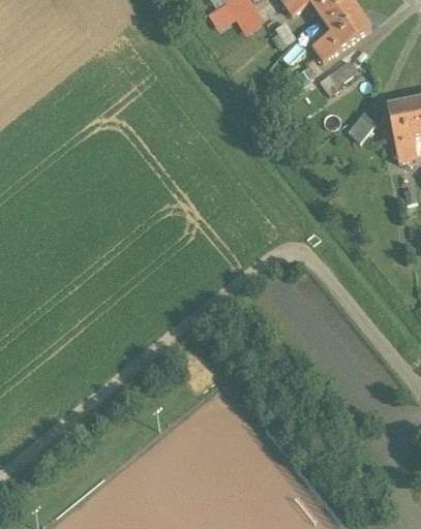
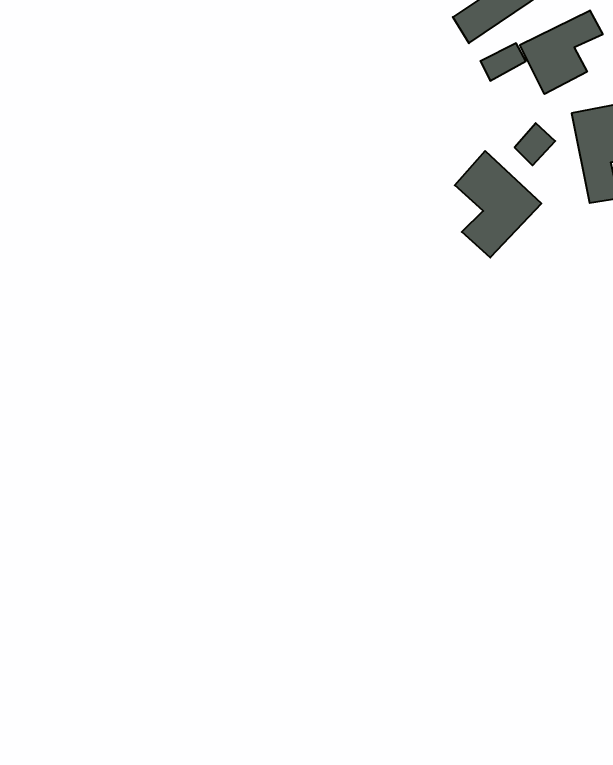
building: none -> [520,10,603,94]
building: none -> [455,151,541,258]

